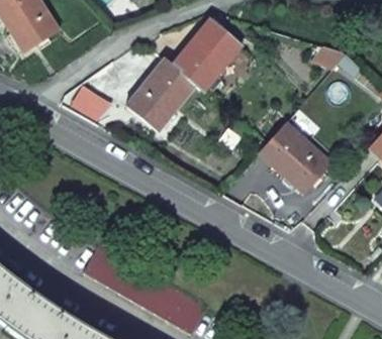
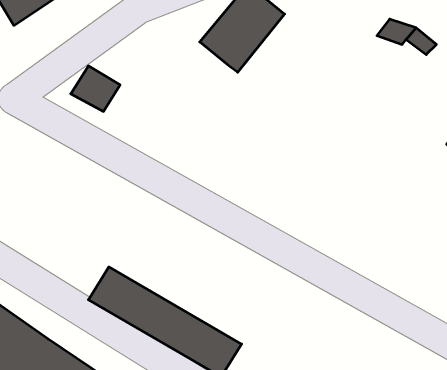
building: [126,59,195,130] -> none
building: [260,122,330,192] -> none

